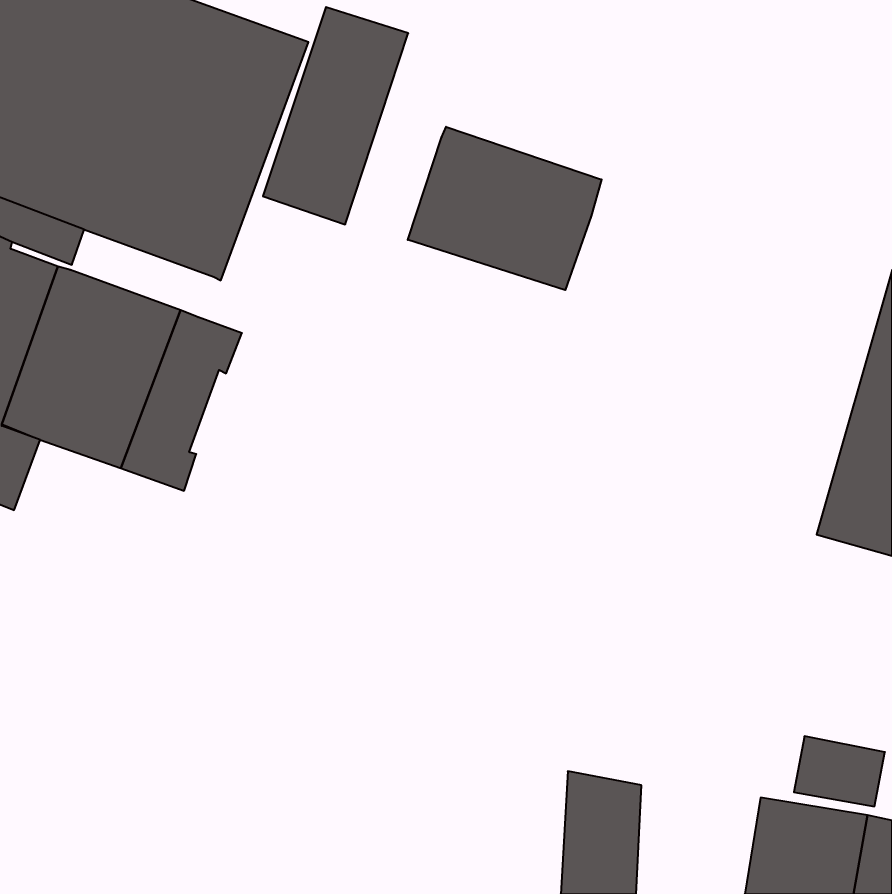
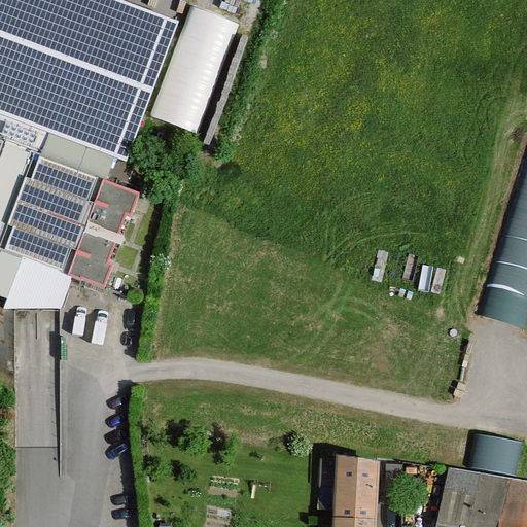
building: [408,127,602,290] -> none
building: none -> [41,135,126,186]
building: none -> [5,258,71,309]

